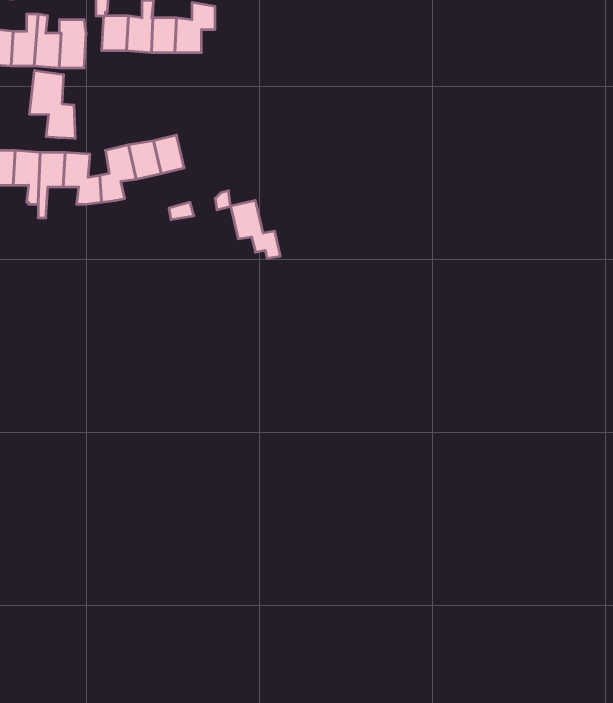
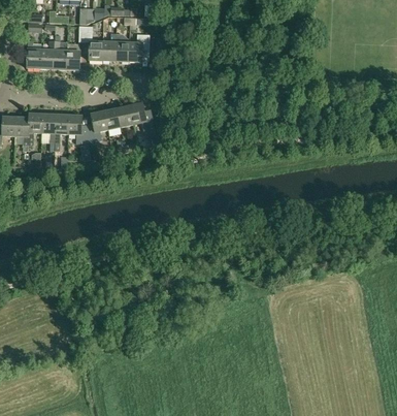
building: [30,70,75,139] -> none
building: [230,200,280,258] -> [129,102,156,133]

